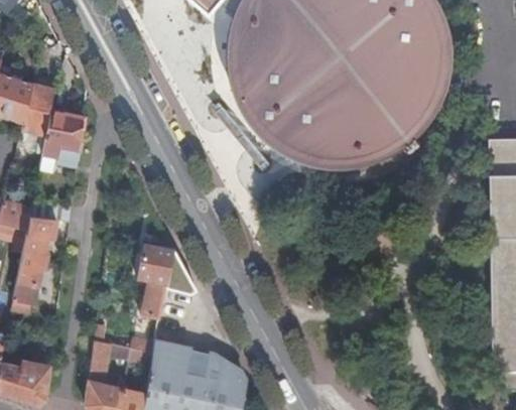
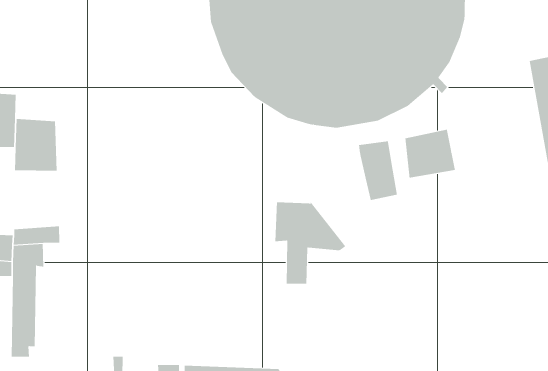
building: none -> [405,129,455,179]
building: none -> [359,140,397,201]
building: [138,243,198,316] -> [275,201,346,284]

